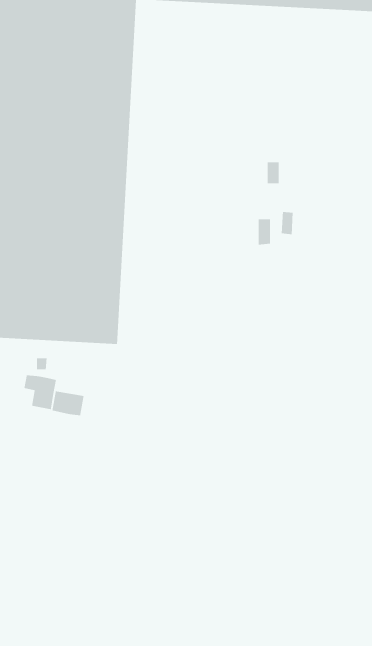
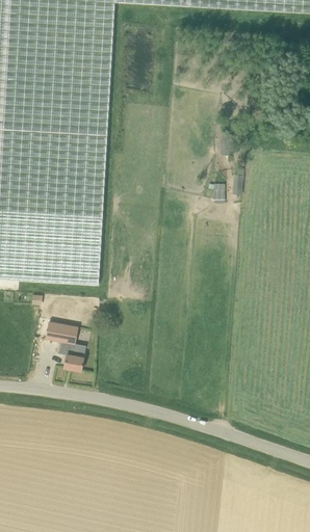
building: [24,374,57,410] -> [57,340,84,369]

